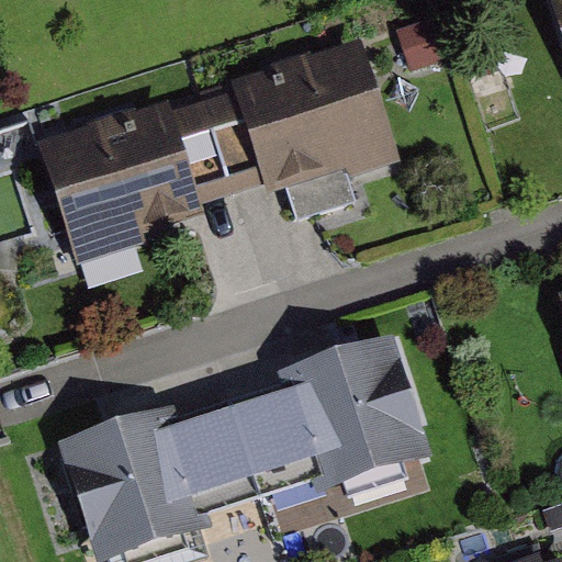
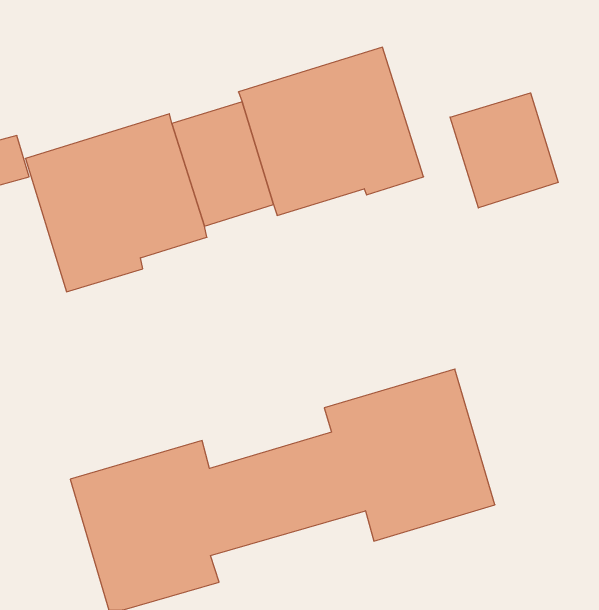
building: none -> [450,93,558,208]

